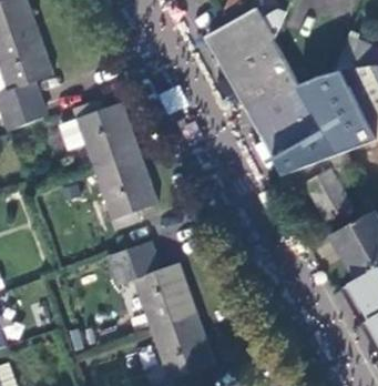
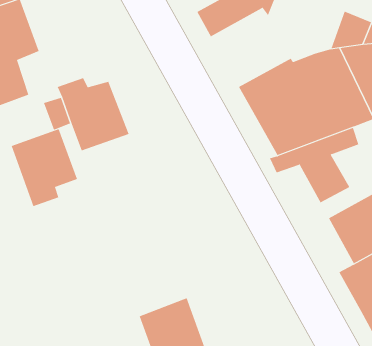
building: [218,33,296,109] -> none
building: [94,154,159,230] -> [11,129,78,207]
building: [110,243,196,329] -> none

